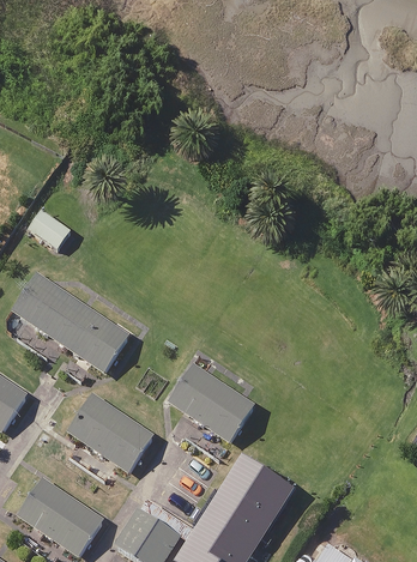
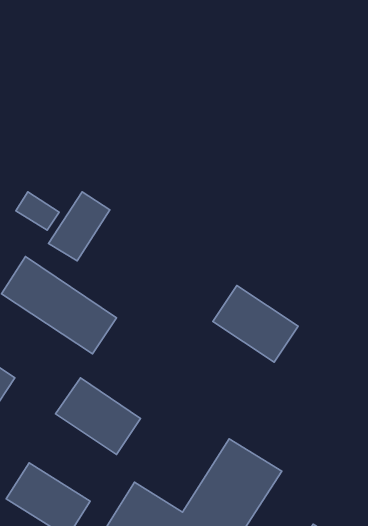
building: none -> [49,192,110,261]
building: [168,364,253,441] -> [213,286,298,362]

